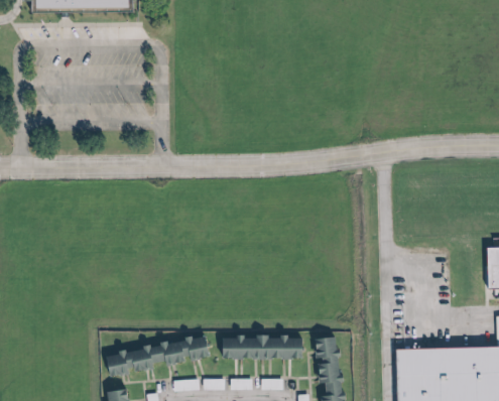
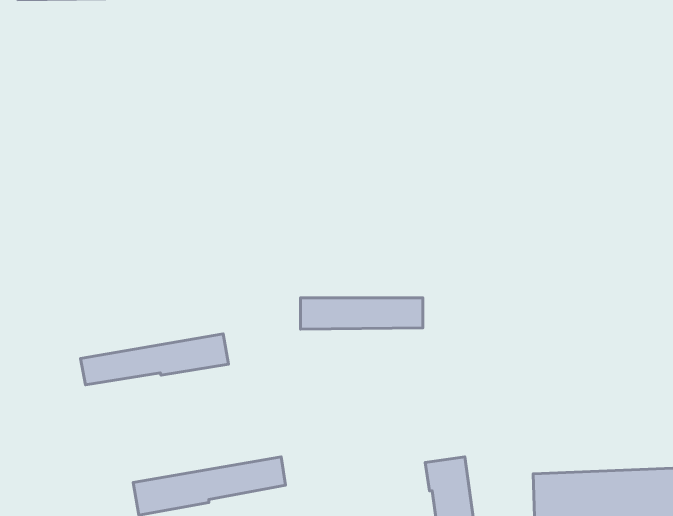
building: none -> [80,334,229,385]
building: [221,337,307,359] -> [300,298,423,329]

